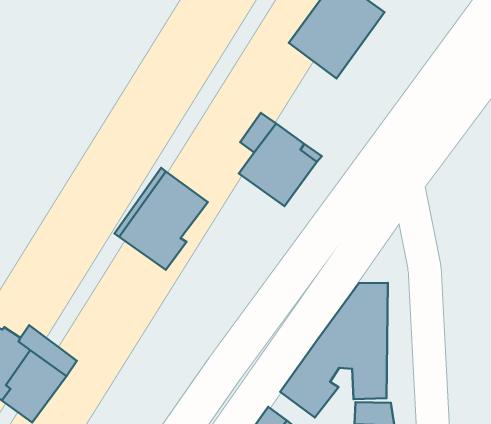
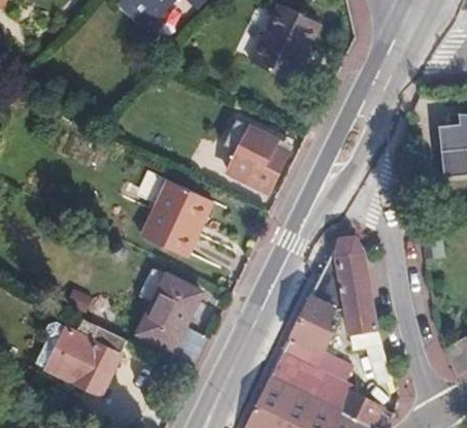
building: none -> [137,275,202,352]

